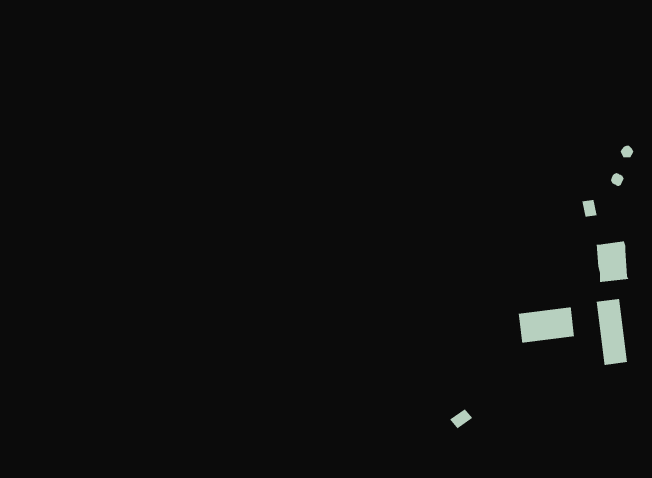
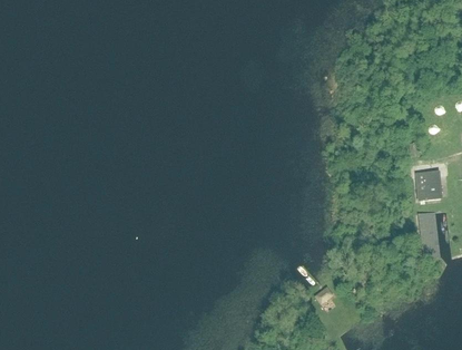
building: [518,307,575,343] -> none

